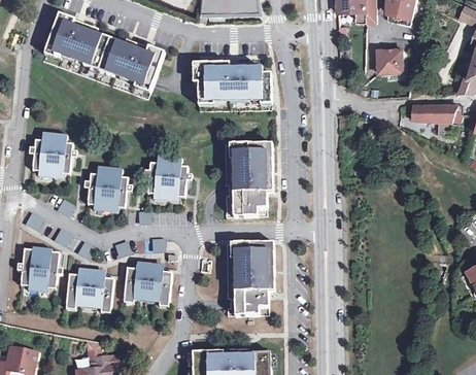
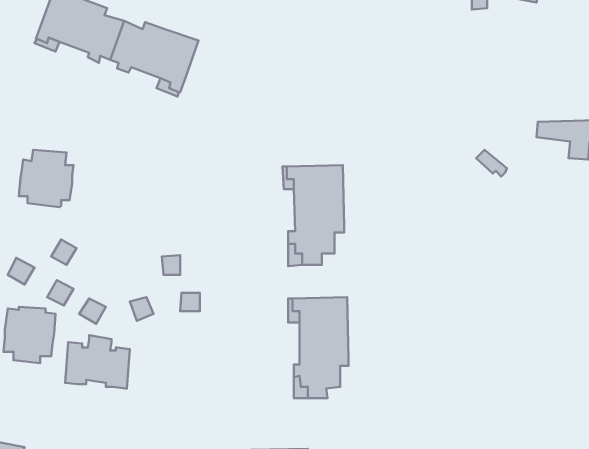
building: [378,55,404,79] -> none
building: [192,62,271,99] -> none
building: [146,155,188,196] -> none
building: [88,166,128,207] -> none
building: [124,262,171,301] -> none

